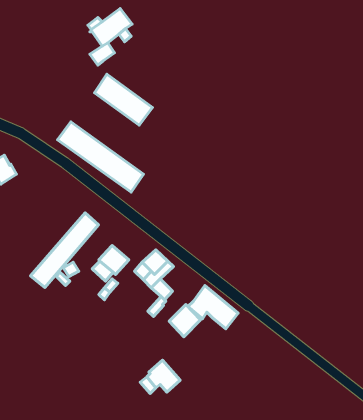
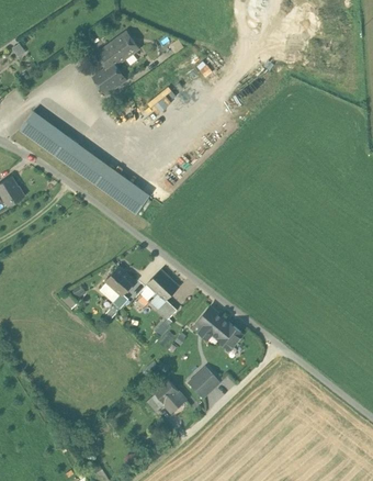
building: [95,74,153,125] -> [20,111,77,161]
building: [31,213,98,287] -> none
building: [169,304,200,337] -> [188,366,218,398]

